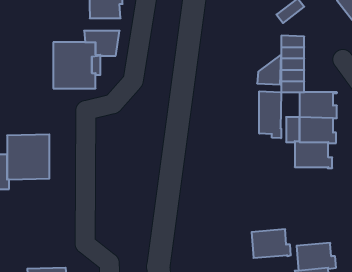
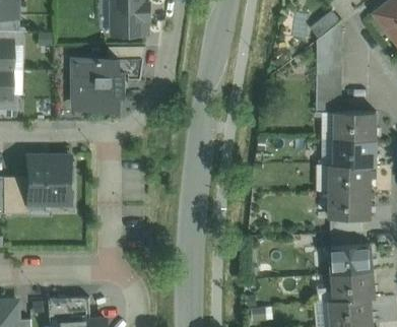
building: [257,55,281,84] -> [316,23,341,55]
building: [259,91,281,138] -> none
building: none -> [330,193,369,220]
building: [252,229,291,258] -> [330,246,372,276]

